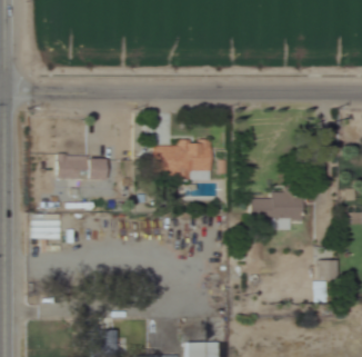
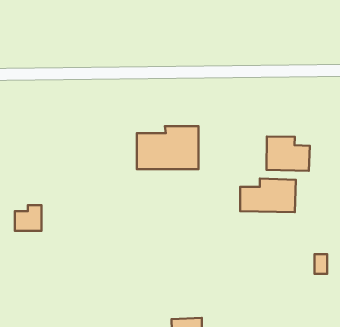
building: none -> [267,137,310,171]
building: [58,157,104,181] -> none

